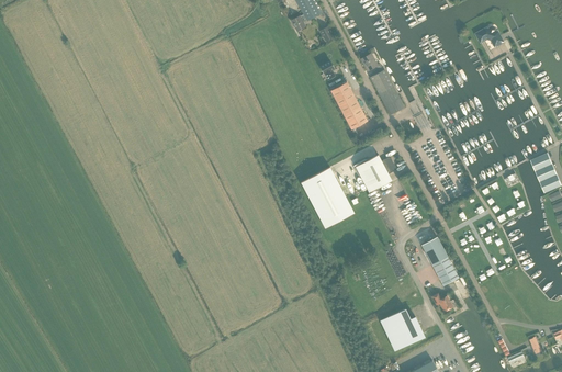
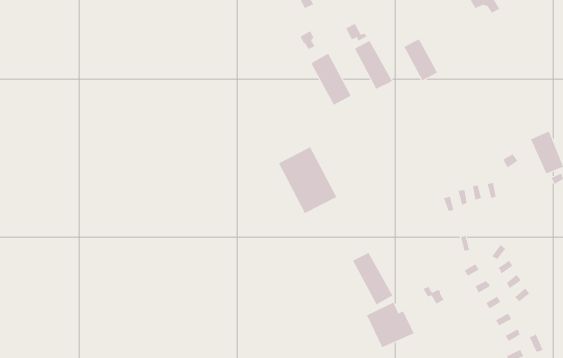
building: none -> [404,38,438,81]
building: [355,155,395,192] -> none
building: [420,237,458,285] -> [352,252,393,305]

